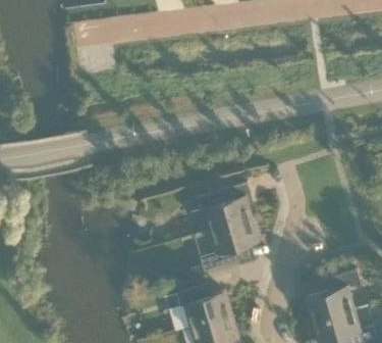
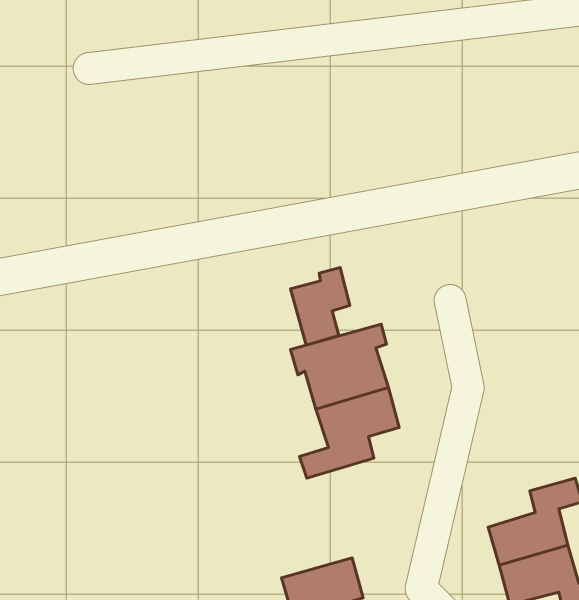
building: none -> [290,268,350,345]
building: [177,287,232,328] -> none

